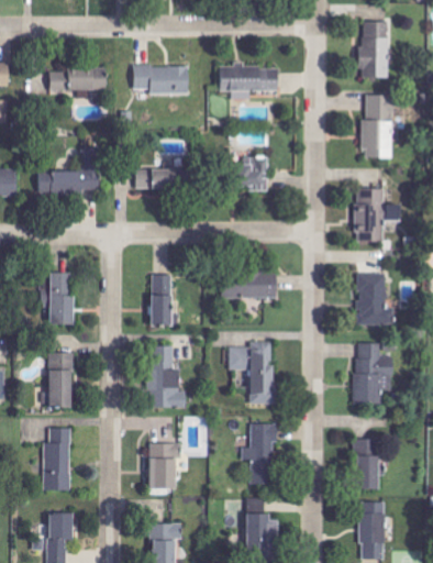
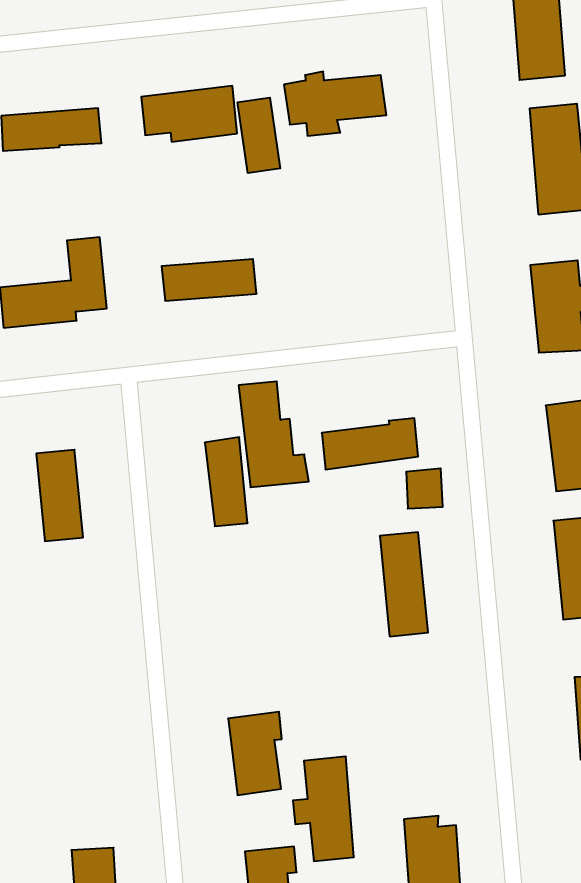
building: none -> [238,98,280,173]
building: [241,156,267,190] -> none
building: [149,346,186,408] -> [239,382,309,487]
building: [227,347,249,371] -> [406,468,443,509]
building: [48,354,73,409] -> none
building: [241,422,275,483] -> [293,757,354,861]
building: [42,427,70,489] -> none

